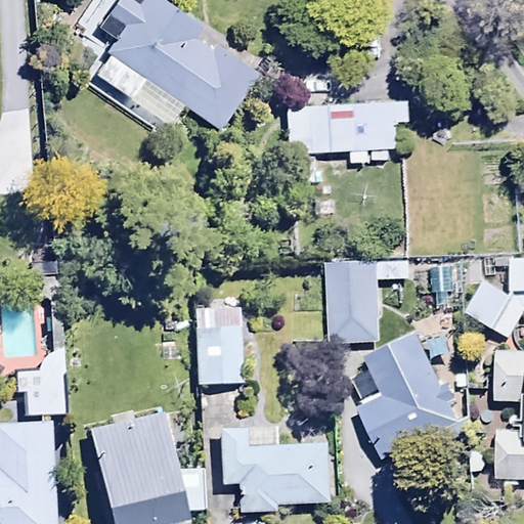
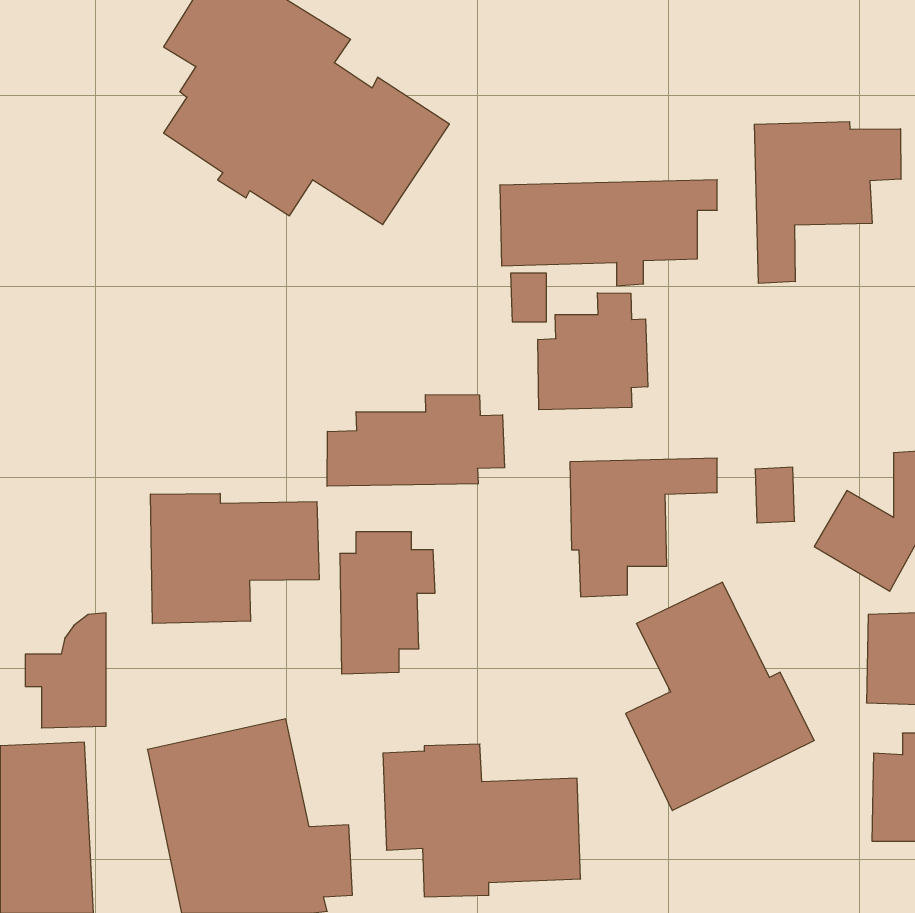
building: none -> [754,122,901,283]
building: none -> [538,293,648,410]
building: none -> [327,395,504,486]
building: none -> [151,493,319,624]

